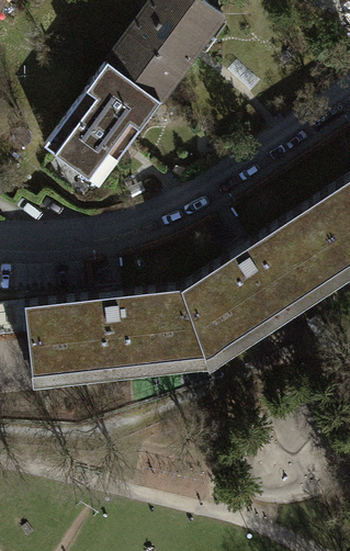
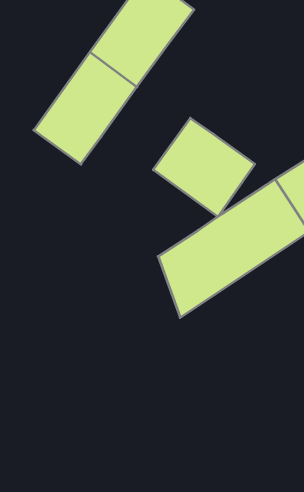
building: none -> [153,118,255,217]
building: [24,292,206,379] -> none

